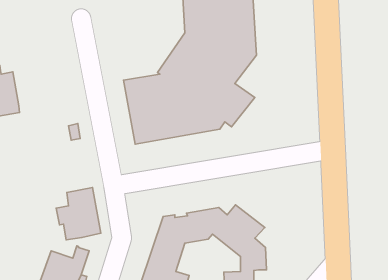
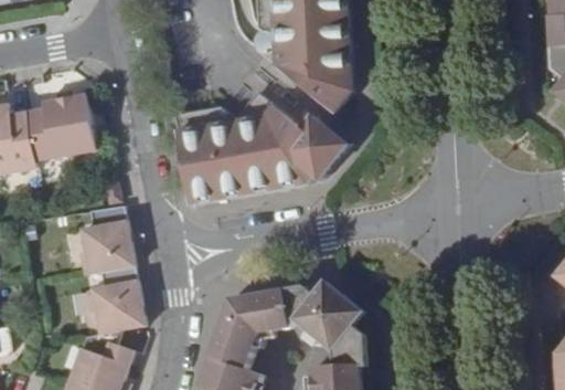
building: none -> [30,87,97,152]
building: none -> [79,201,136,271]

